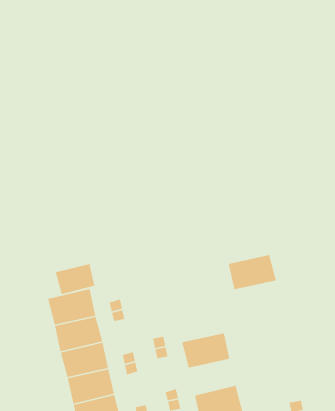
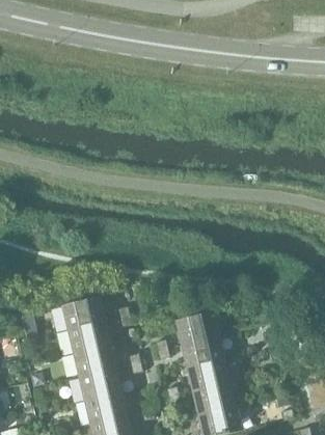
building: [228,254,277,290] -> [177,311,220,344]
building: [55,263,95,295] -> none
building: none -> [188,359,231,391]

